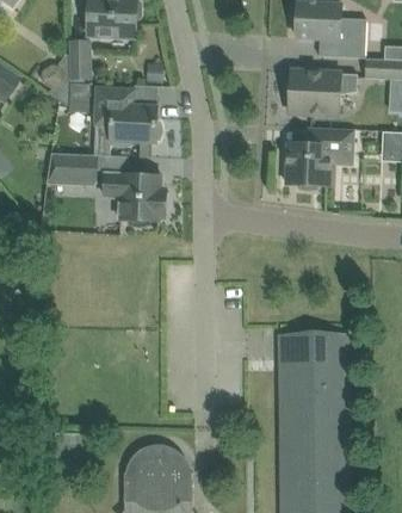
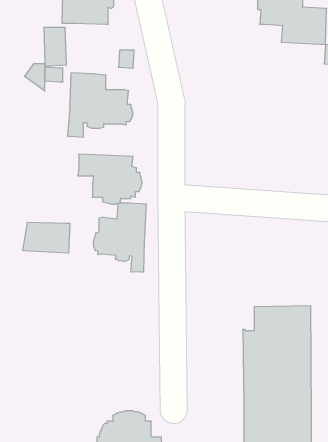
building: [285,70,358,113] -> none
building: [286,126,354,188] -> none
building: [47,153,97,185] -> [23,222,70,253]
building: none -> [93,203,146,272]

